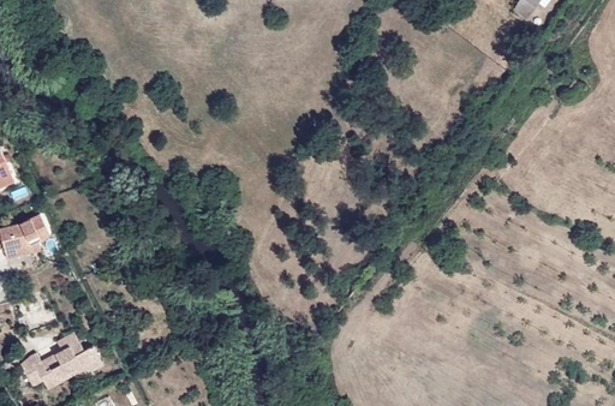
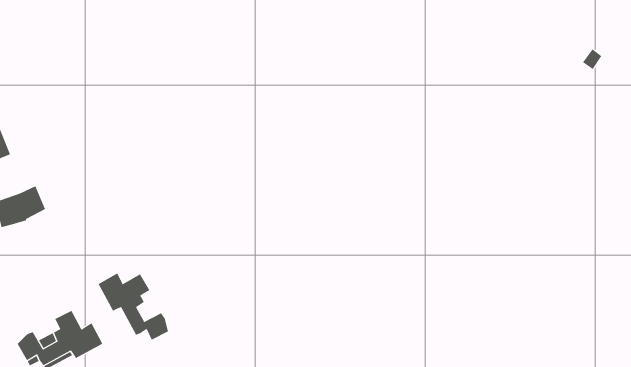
building: none -> [98,273,168,341]

